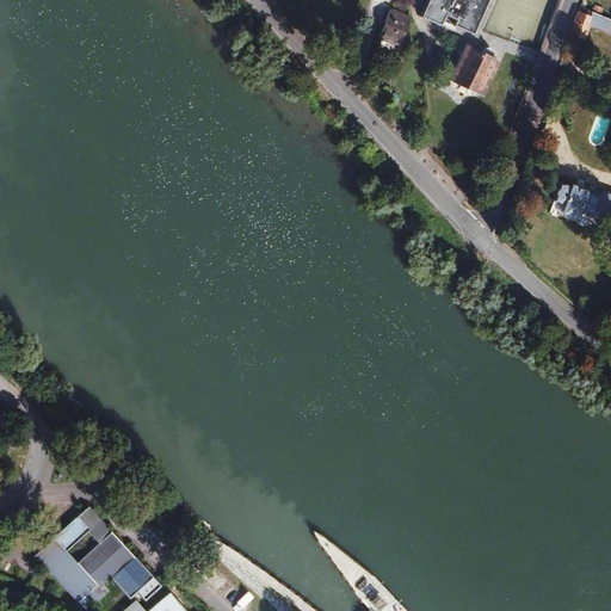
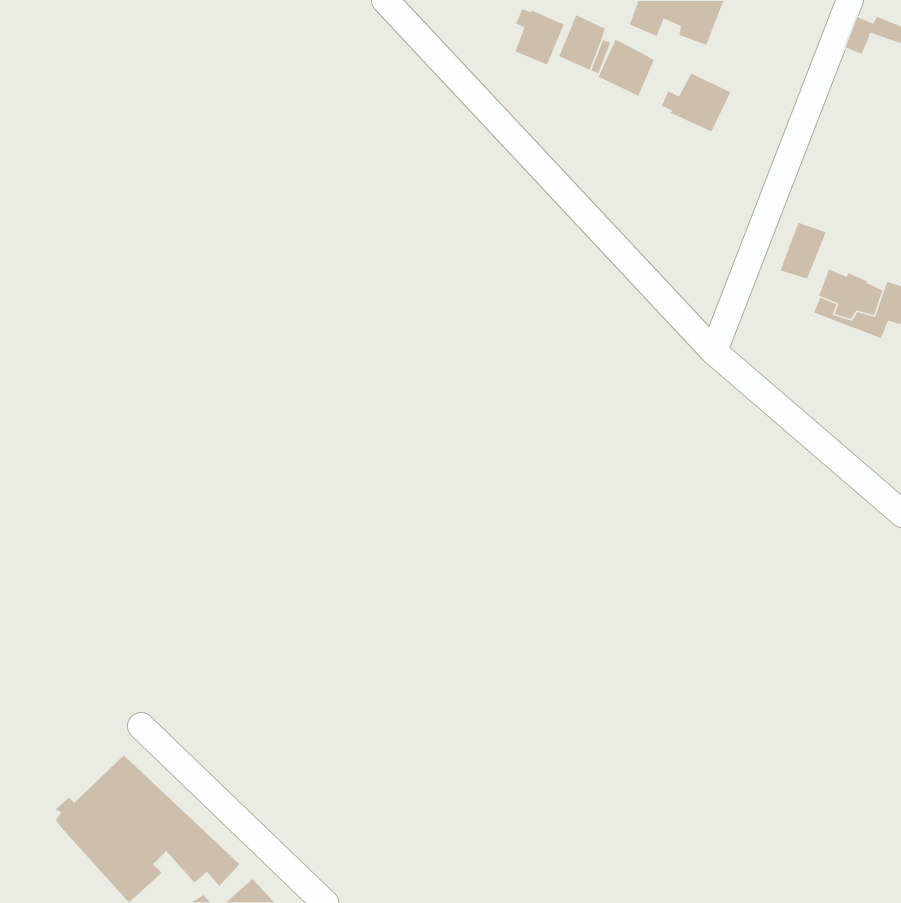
building: none -> [515,8,565,66]
building: none -> [598,39,655,97]
building: none -> [779,222,827,280]

